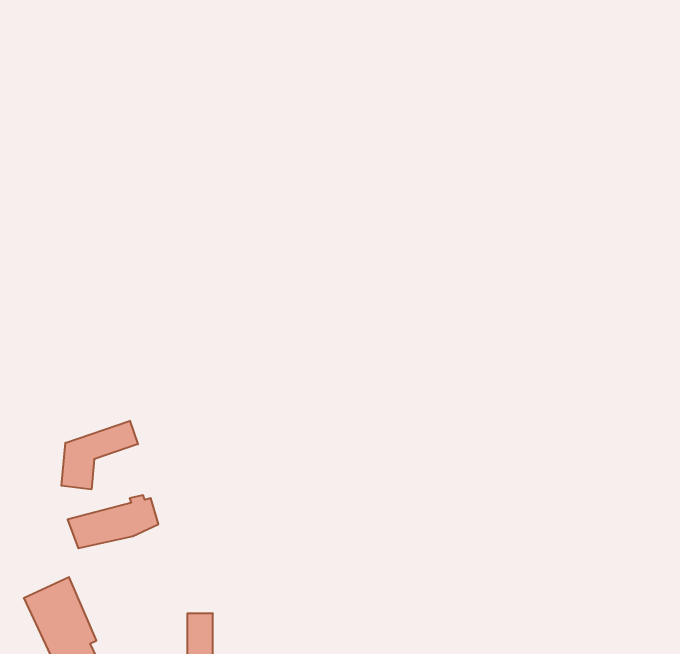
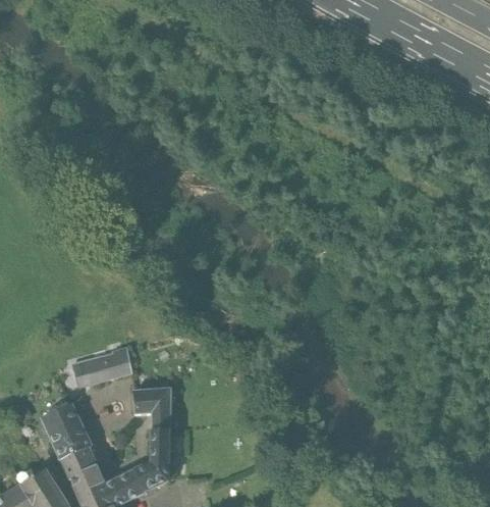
building: [61,421,138,489] -> none
building: none -> [133,379,170,429]

